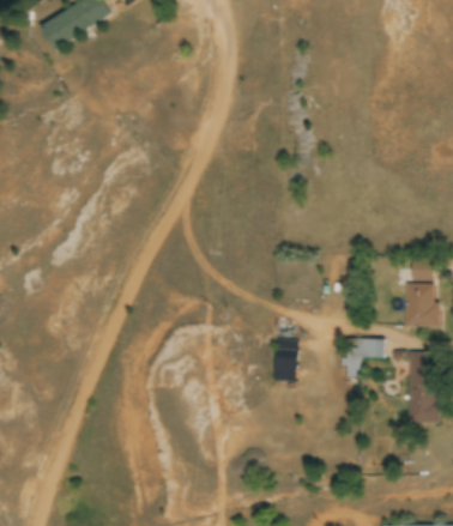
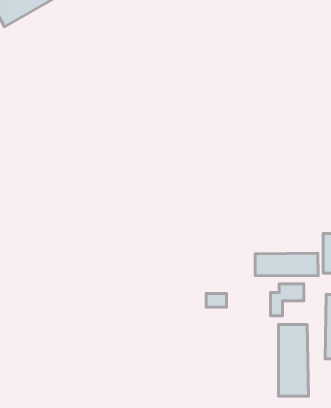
building: none -> [255,253,318,276]
building: none -> [279,325,308,396]

